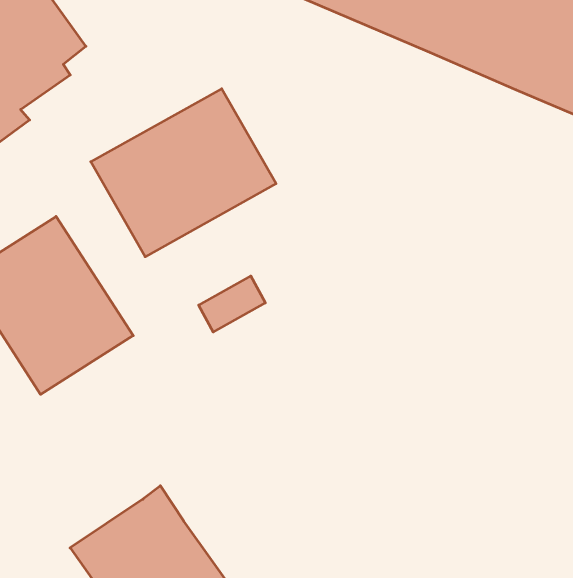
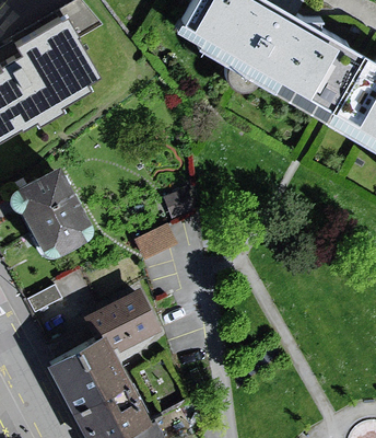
building: [91,89,276,257] -> none
building: none -> [86,287,167,351]

